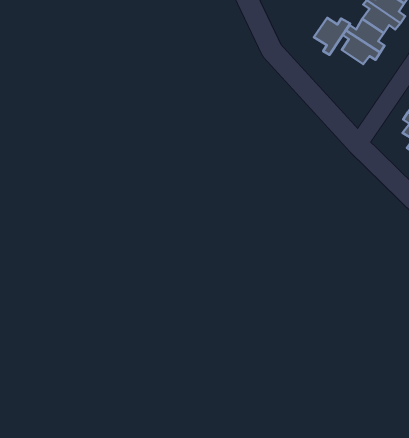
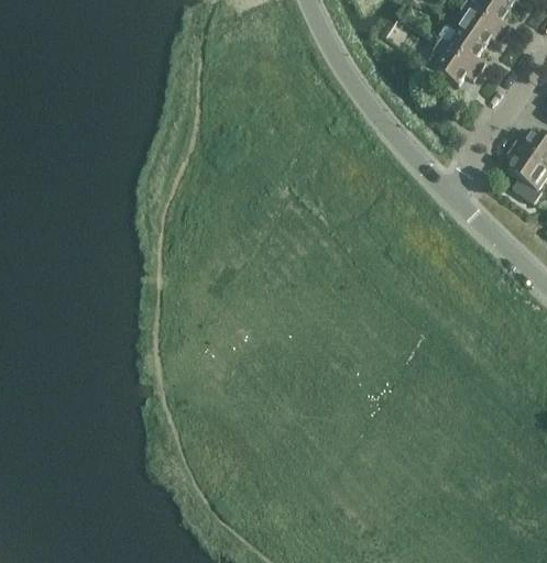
building: [314,18,350,55] -> none

